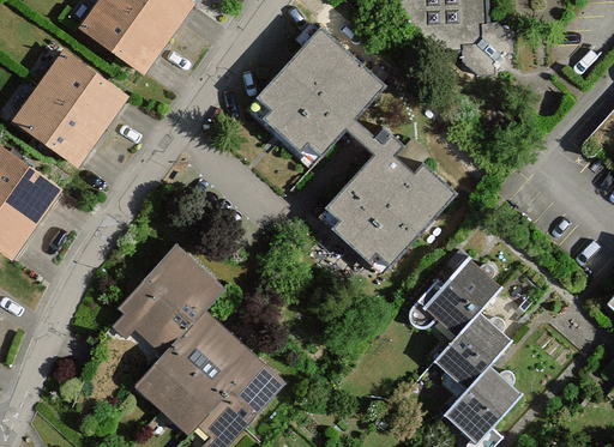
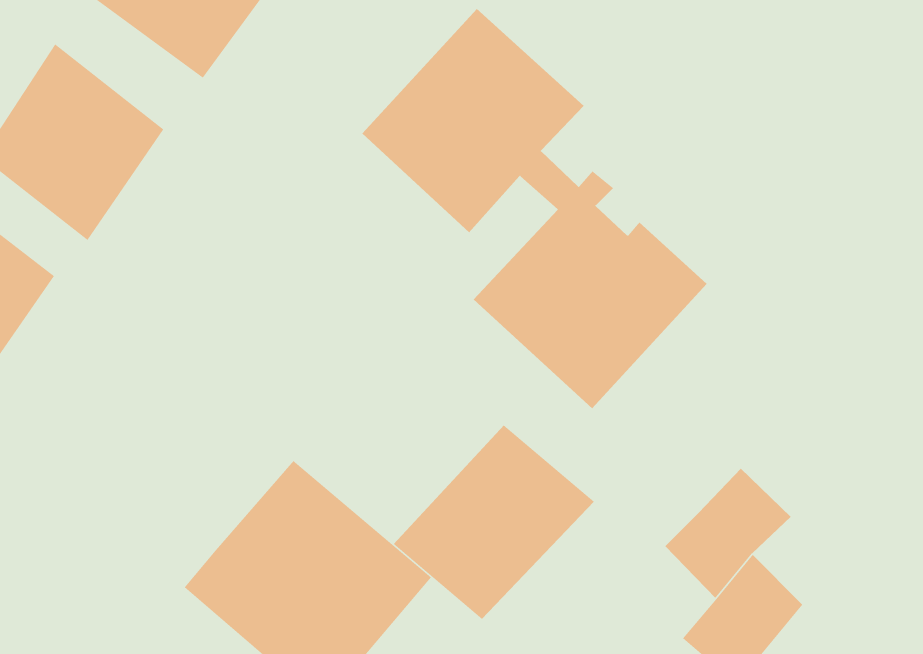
building: [108,244,221,361] -> none
building: [421,258,498,338] -> none
building: none -> [393,424,595,620]

